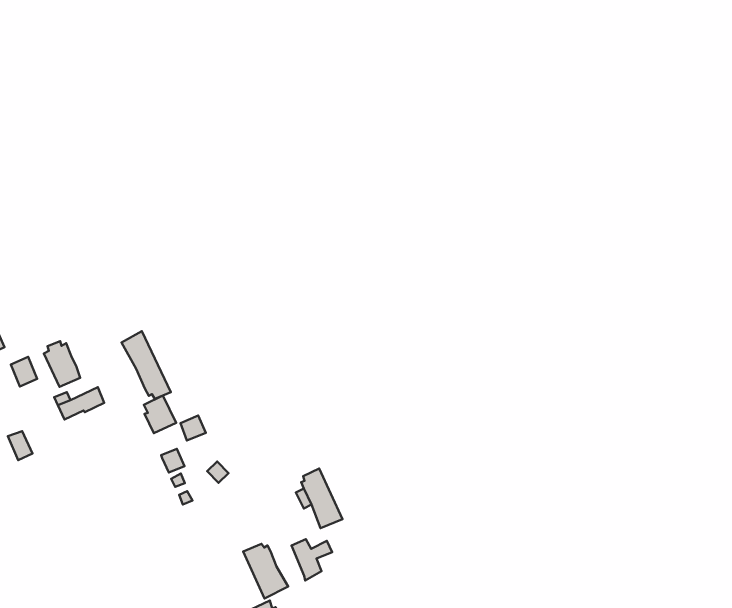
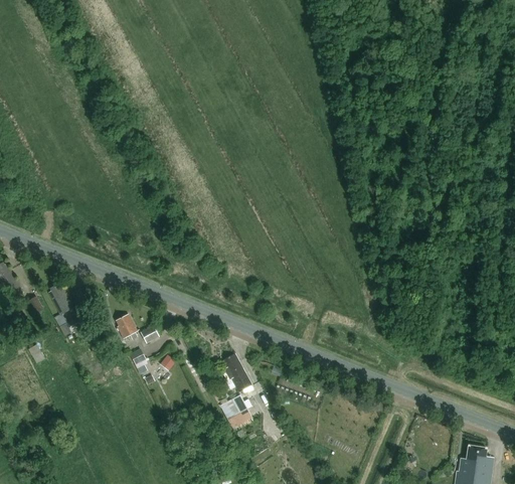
building: [121,331,171,399] -> none
building: [243,544,288,598] -> none

